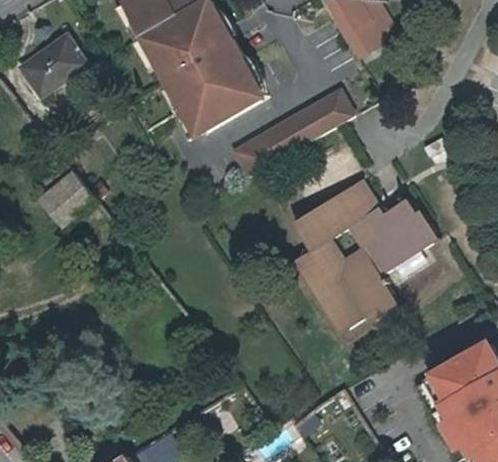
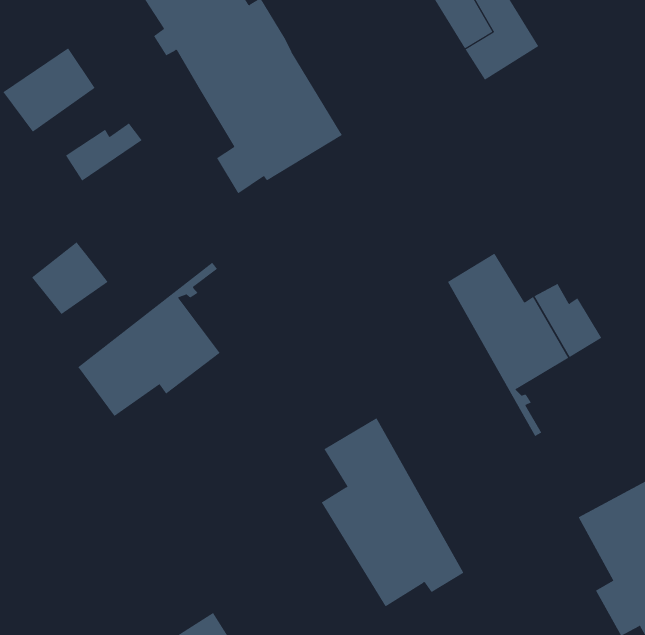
building: [232,88,353,175] -> none
building: none -> [65,123,142,182]
building: none -> [78,262,221,417]
building: [294,201,395,334] -> [321,418,464,607]

